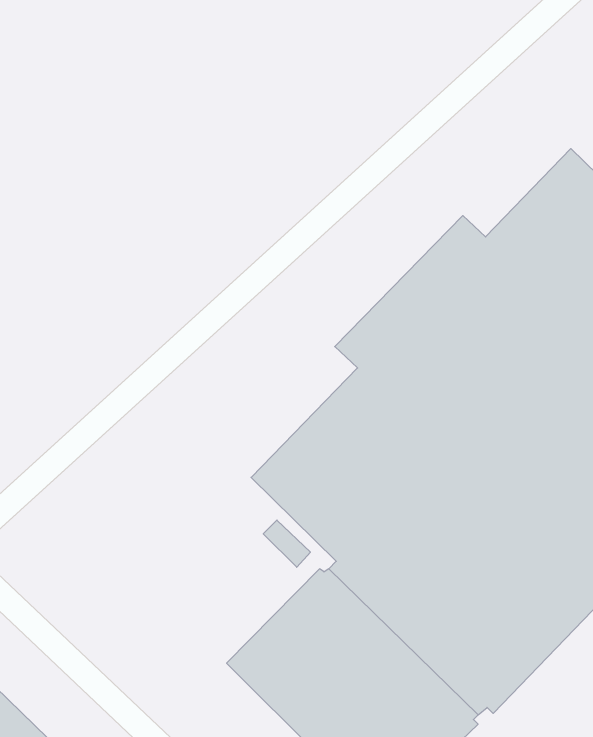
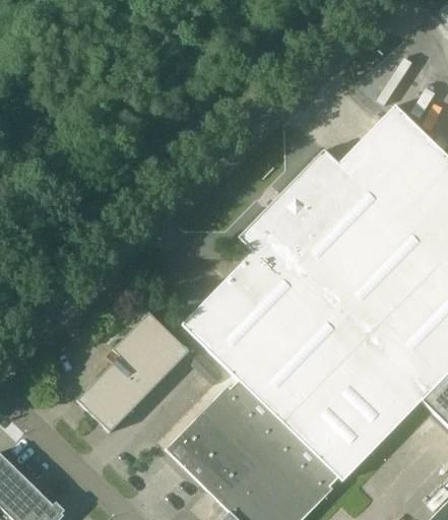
building: none -> [77,312,189,432]

